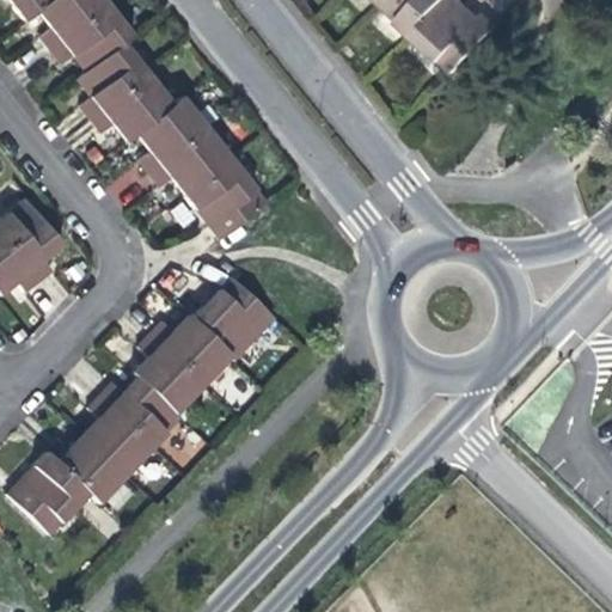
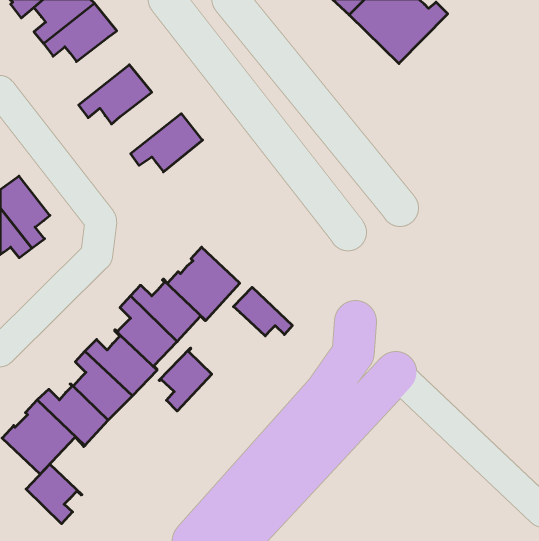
building: [81,42,149,118] -> none
building: [139,97,208,173] -> none
building: [185,158,268,239] -> none
building: none -> [233,287,292,336]
building: none -> [159,348,212,411]
building: none -> [26,464,82,524]

